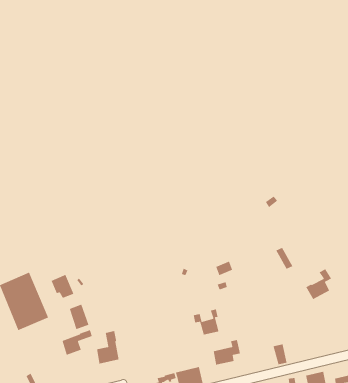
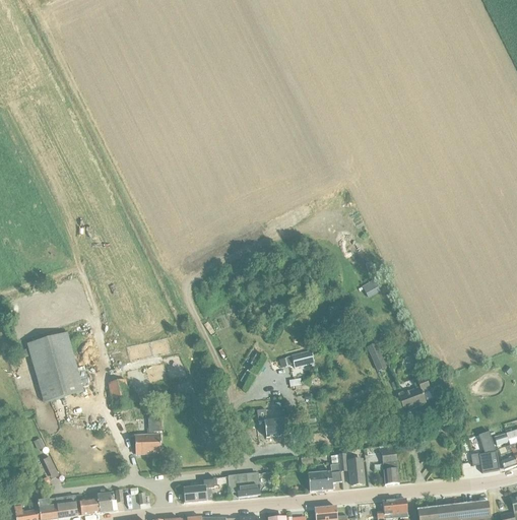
building: [50,274,74,299] -> none
building: [61,329,93,356] -> none
building: none -> [381,450,399,483]
building: [213,339,241,366] -> [308,463,341,492]

